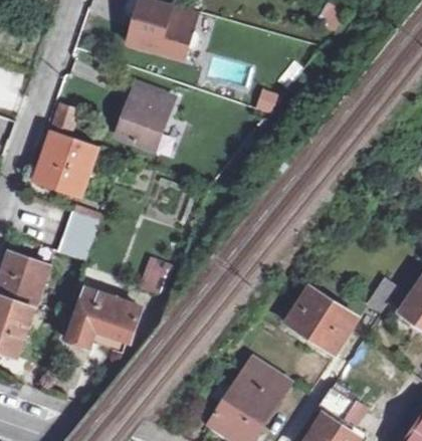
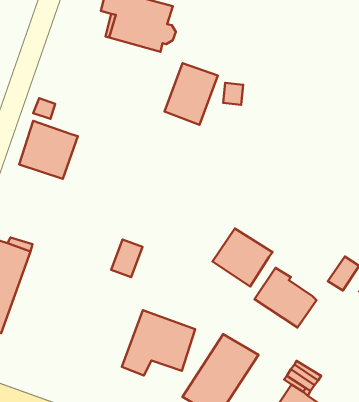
building: [117,87,173,153] -> [165,63,218,125]
building: [59,215,97,260] -> none
building: none -> [213,228,272,286]
building: [65,279,143,349] -> [122,310,195,376]

